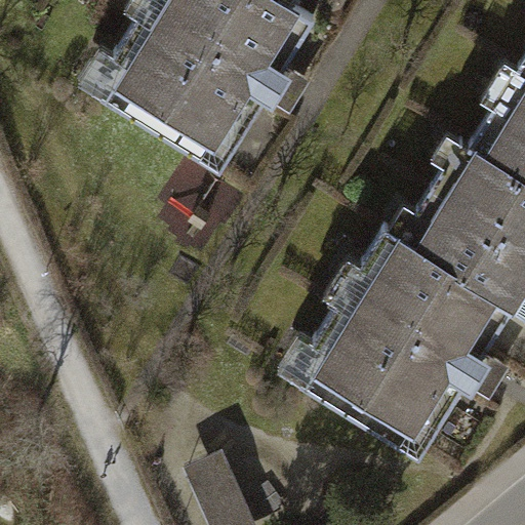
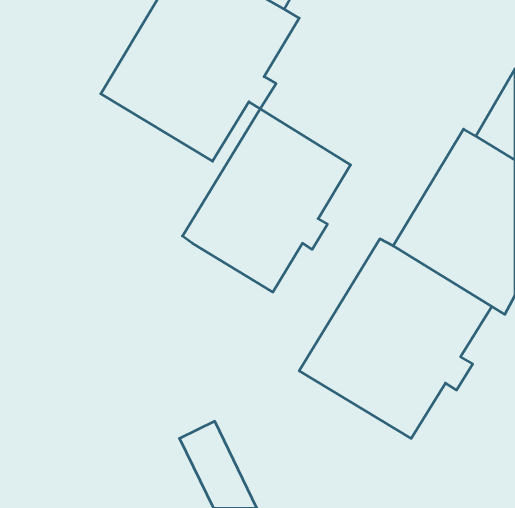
building: none -> [182,109,351,292]

